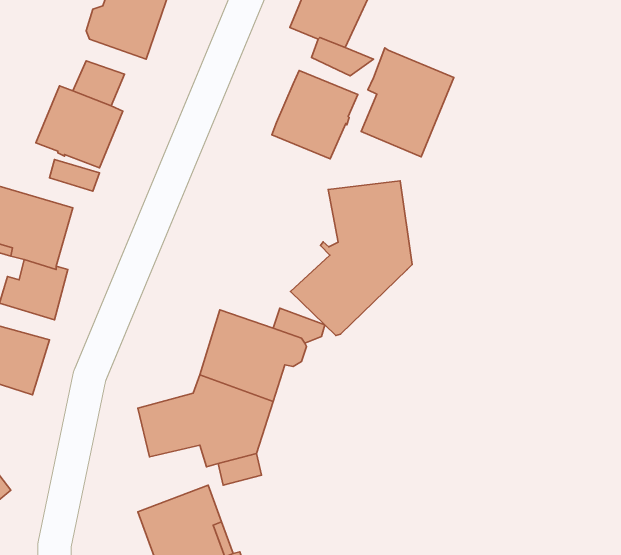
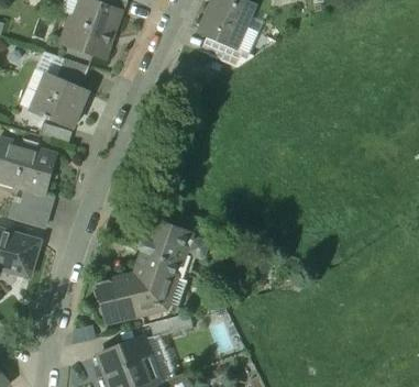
building: [361,48,454,157] -> none
building: [272,70,358,159] -> none
building: [291,181,412,335] -> none

